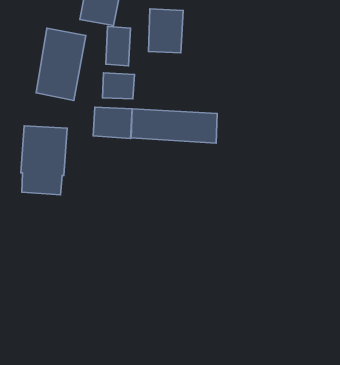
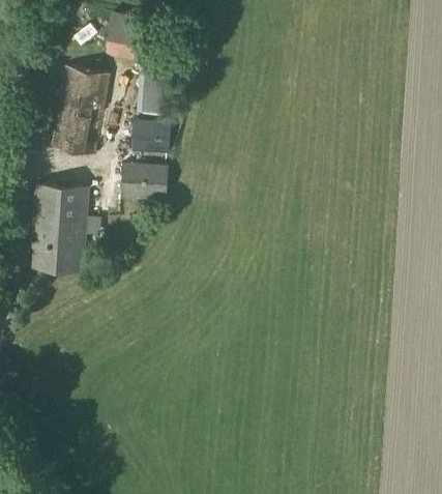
building: [148,9,183,53] -> none
building: [131,109,217,143] -> none

